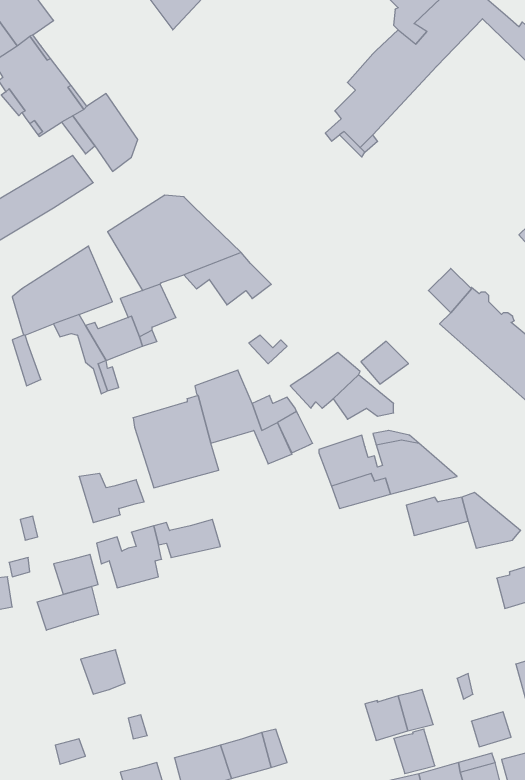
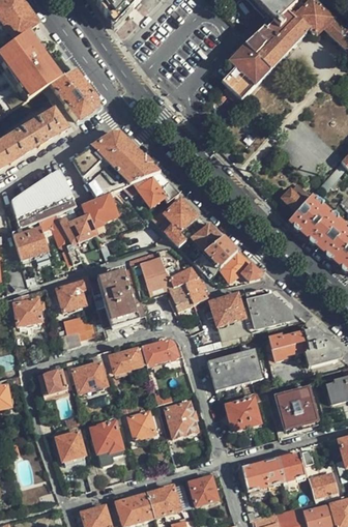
building: none -> [151,197,197,231]
building: none -> [22,228,49,256]
building: [361,341,408,384] -> [193,224,224,252]
building: none -> [46,273,91,311]
building: none -> [15,293,42,324]
building: none -> [142,341,176,364]
building: none -> [209,347,268,391]
building: none -> [278,387,318,429]
building: [37,586,98,630] -> none
building: none -> [226,398,261,430]
building: none -> [166,402,199,438]
building: none -> [128,412,154,439]
building: none -> [91,422,123,452]
building: none -> [190,475,219,504]
building: [394,729,435,774] -> [279,451,306,480]

